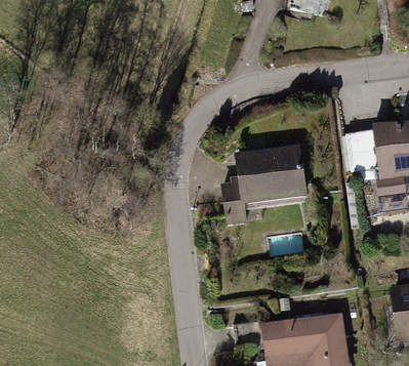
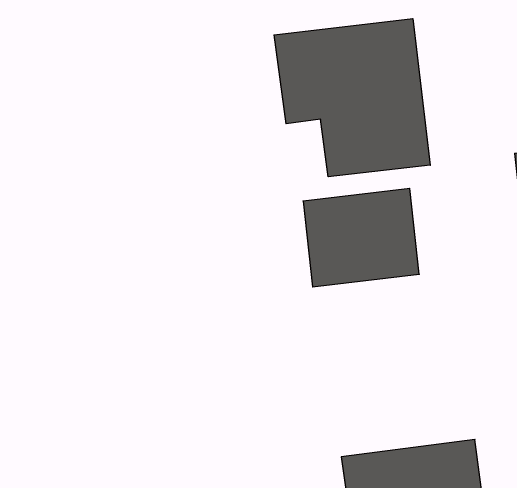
building: none -> [274,19,430,177]

